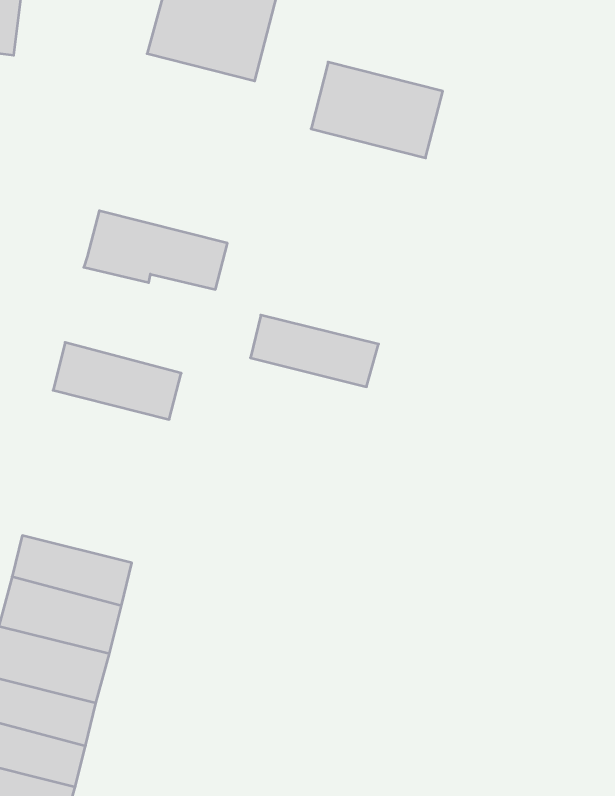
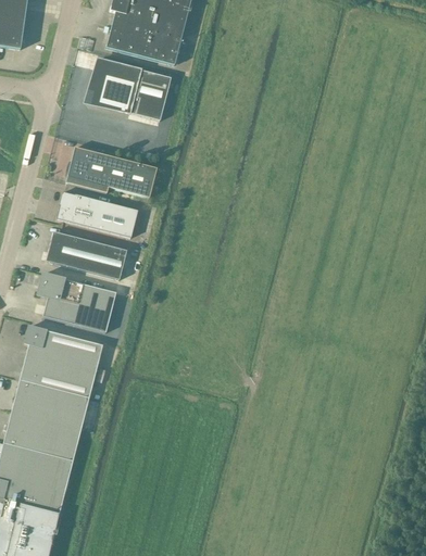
building: [311,62,443,158] -> [87,59,171,119]
building: [250,315,379,387] -> [57,191,138,237]
building: none -> [37,273,116,331]
building: none -> [25,326,102,370]

